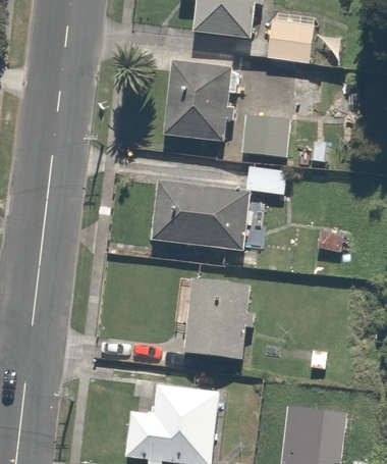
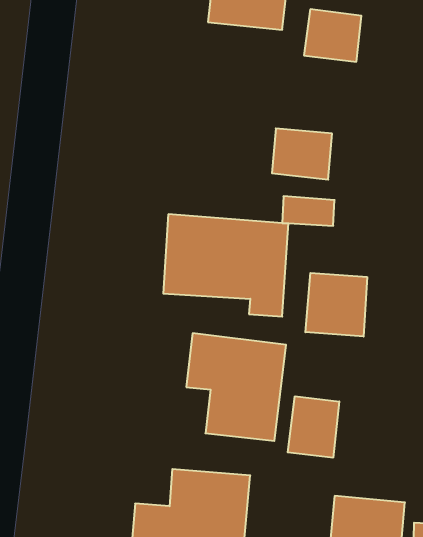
building: [164,61,233,143] -> none
building: none -> [305,273,367,337]
building: none -> [288,396,339,458]

